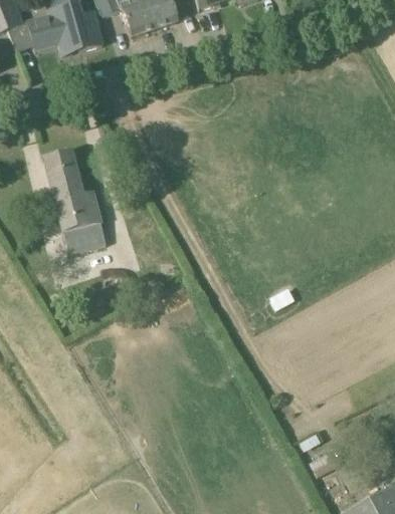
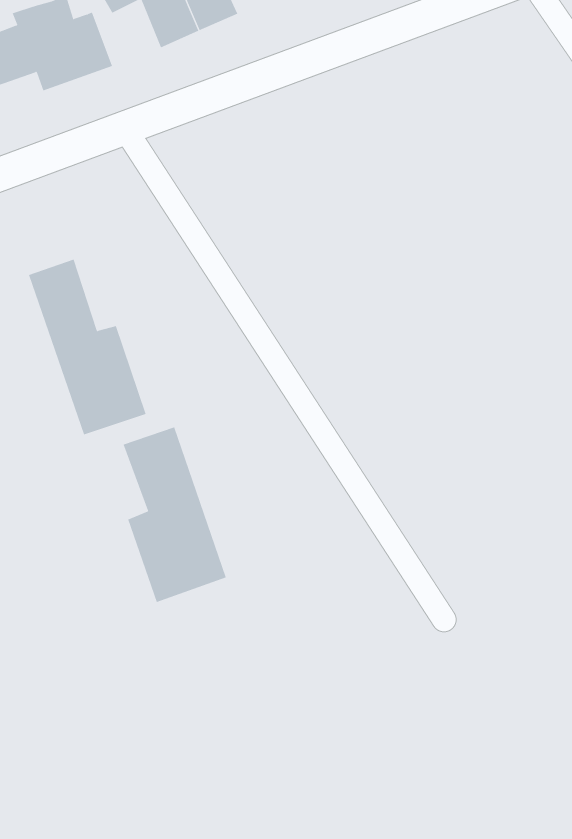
building: none -> [123,427,227,603]

